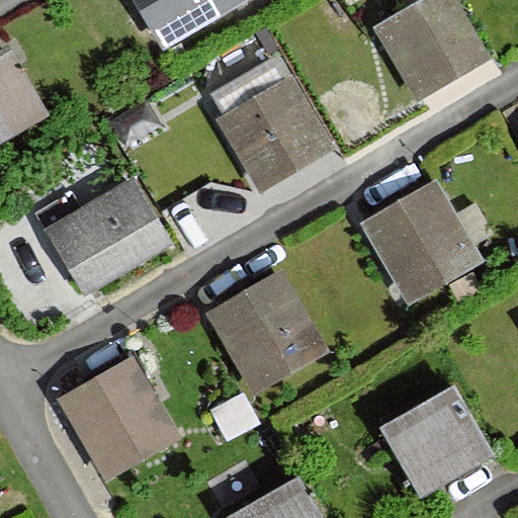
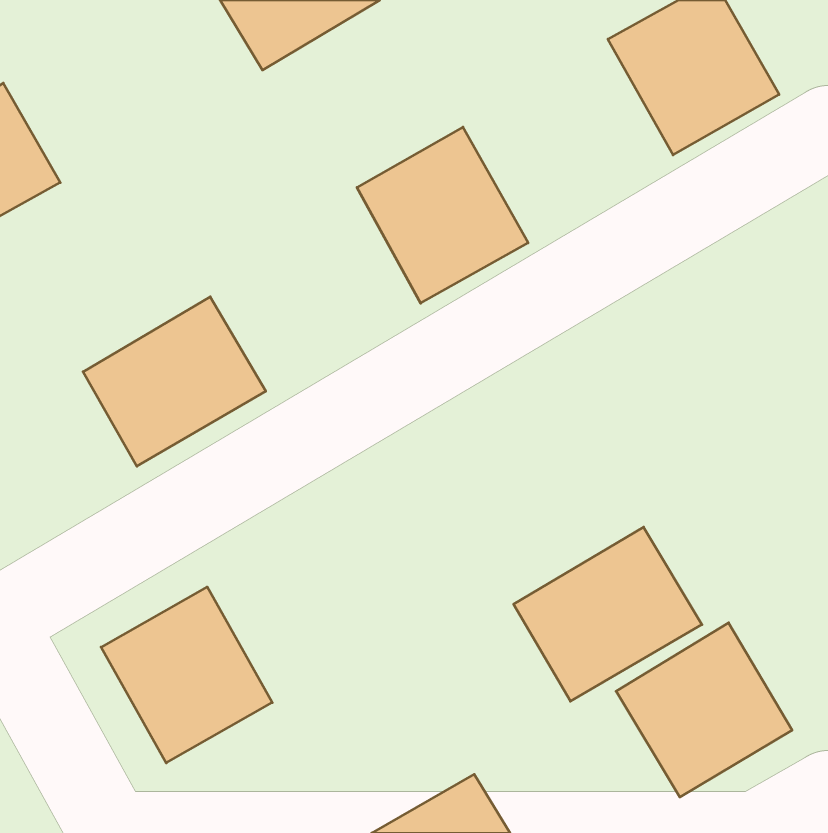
building: [366,189,473,298] -> none
building: [211,279,319,387] -> none
building: none -> [514,527,702,701]

